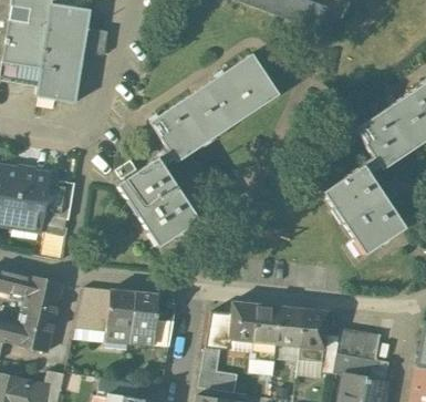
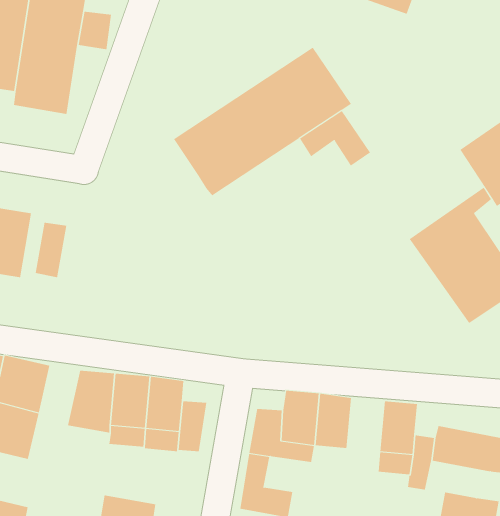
building: none -> [299,110,371,166]
building: [114,147,196,246] -> none
building: [276,307,302,346] -> none
building: [332,352,378,379] -> none

